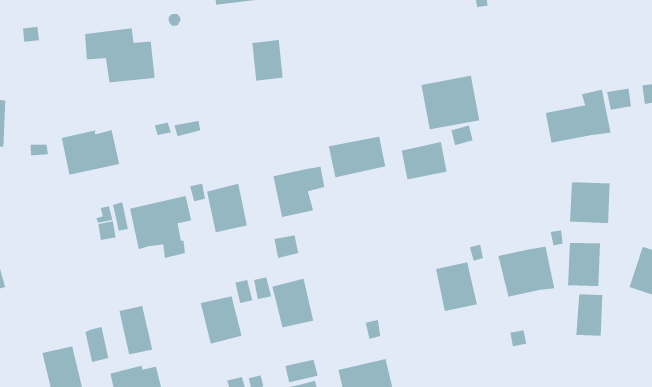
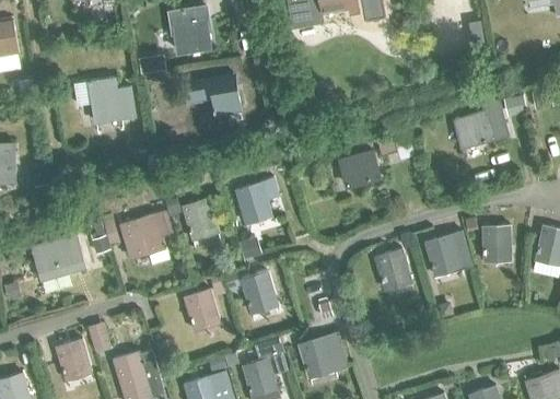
building: [420,75,480,130] -> none
building: [61,129,120,175] -> [33,237,83,278]
building: [328,136,386,178] -> none
building: [569,181,611,224] -> none
building: [576,293,603,337] -> none
building: [118,305,153,355] -> none

